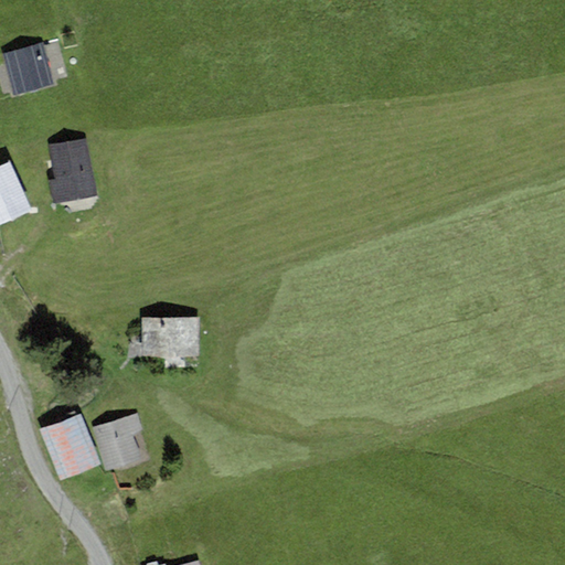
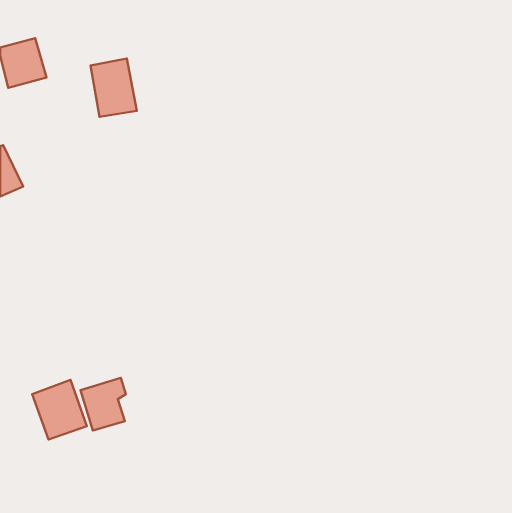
building: [47,134,98,198] -> [90,58,137,117]
building: [140,317,198,356] -> none

